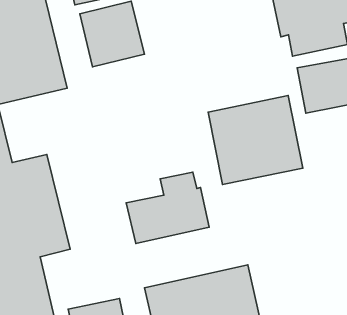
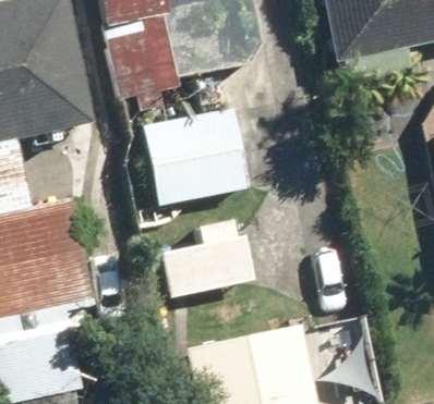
building: [208,96,303,184] -> [145,105,252,205]

